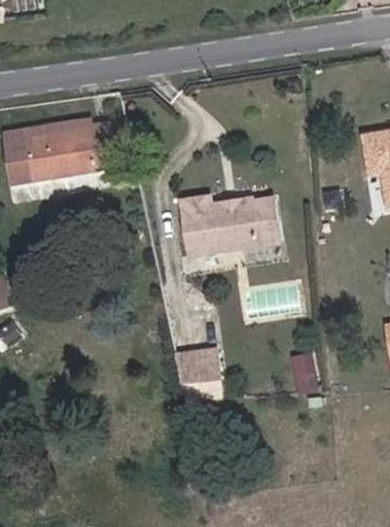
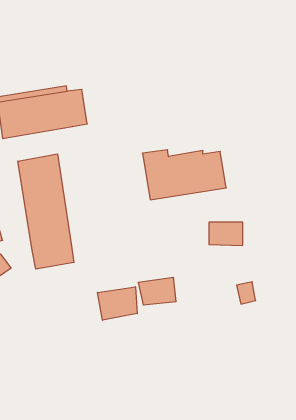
building: none -> [18,154,74,269]
building: none -> [97,287,137,320]

